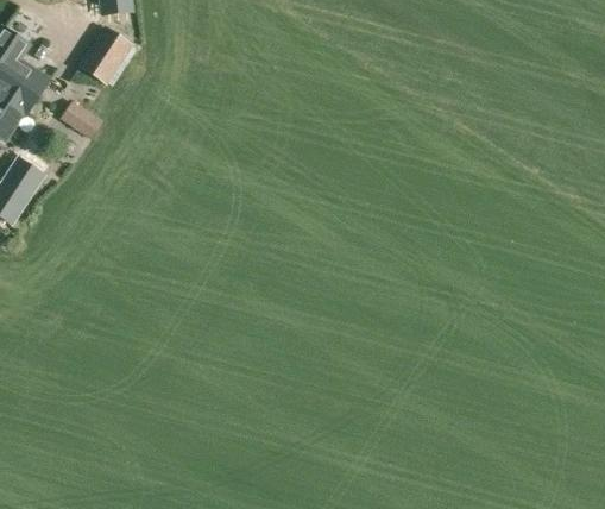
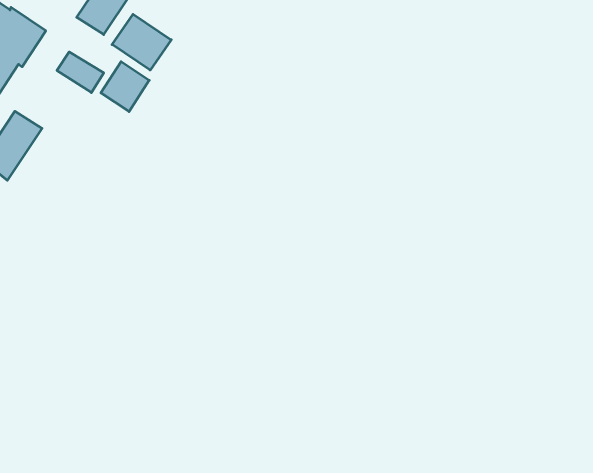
building: none -> [112,14,171,70]
building: none -> [101,62,149,112]

